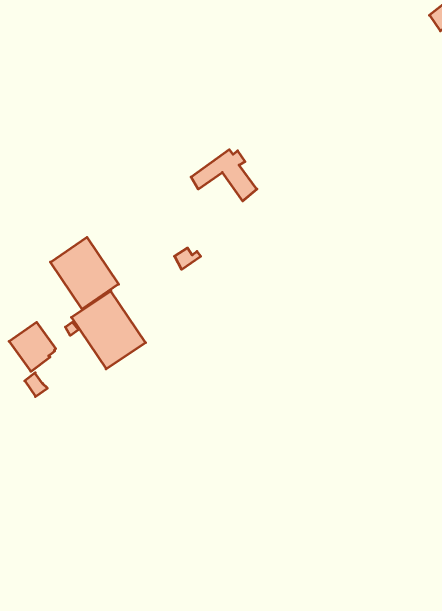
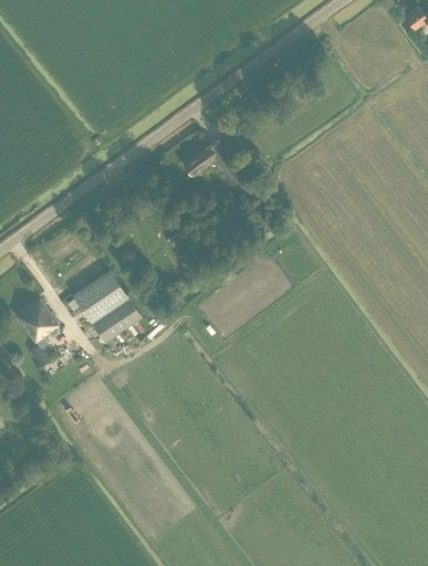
building: [50,237,119,309] -> none

